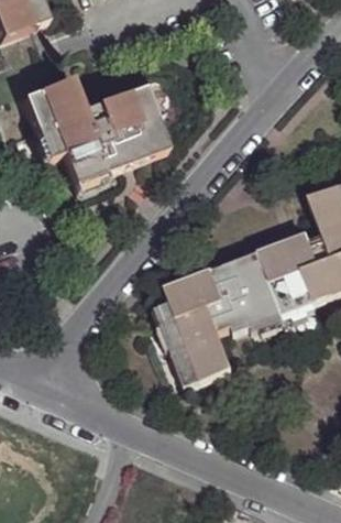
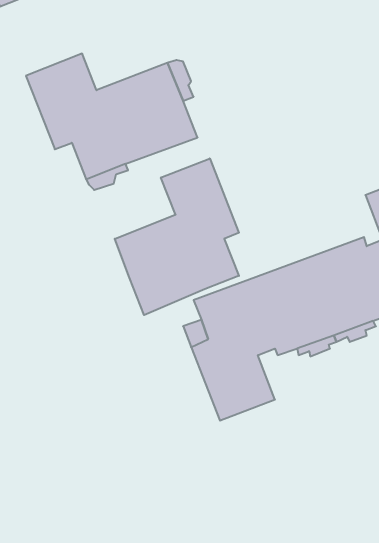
building: none -> [115,158,239,315]

